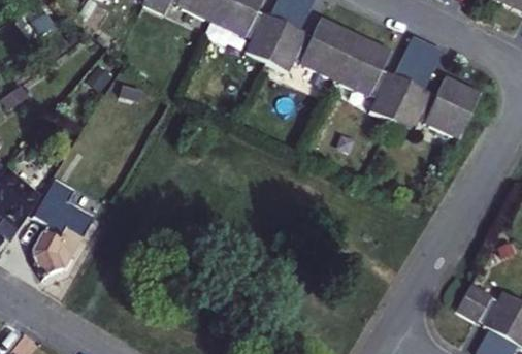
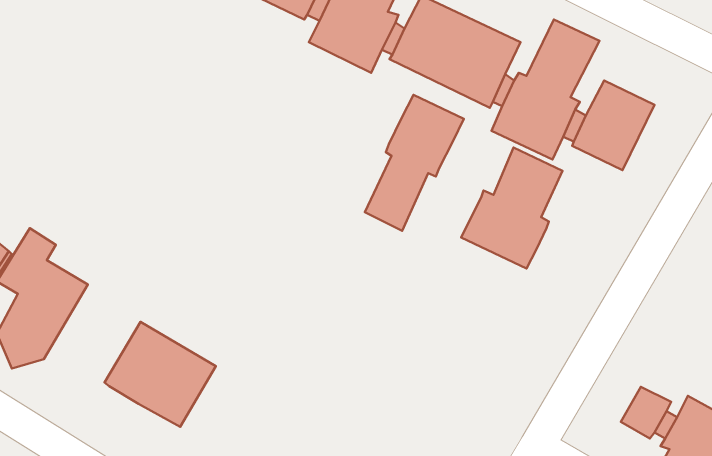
building: none -> [365,95,464,231]
building: none -> [461,147,562,269]
building: none -> [105,322,216,427]

